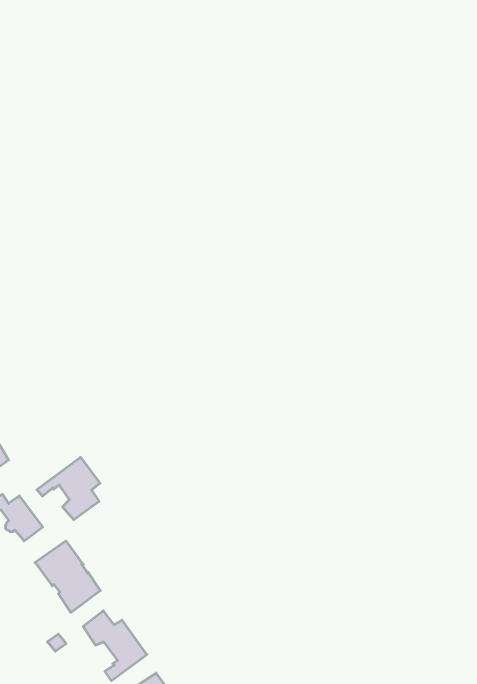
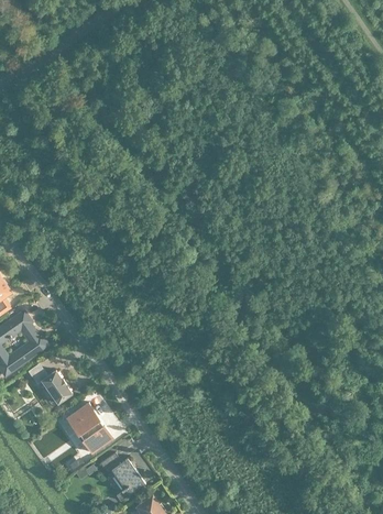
building: [37,457,100,520] -> none

